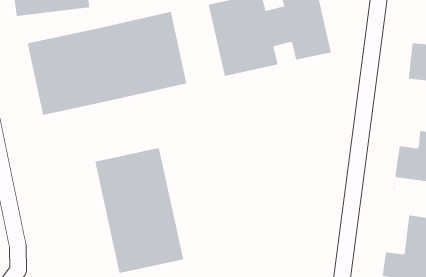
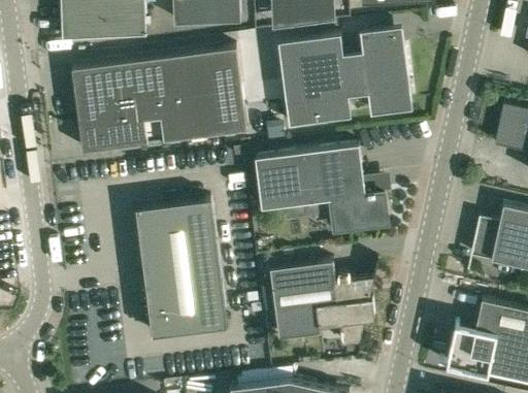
building: none -> [255,146,387,231]
building: none -> [270,262,374,346]

